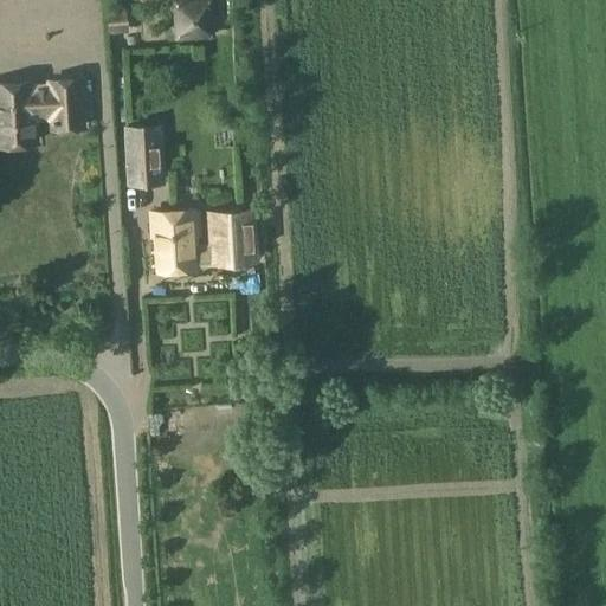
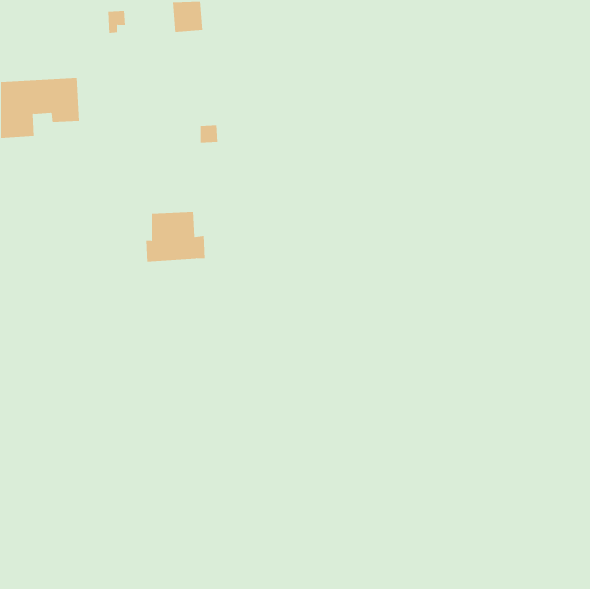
building: [124,129,161,186] -> none
building: [208,211,257,267] -> none

